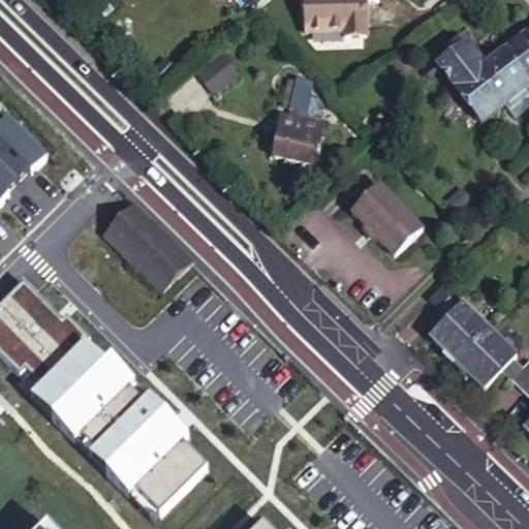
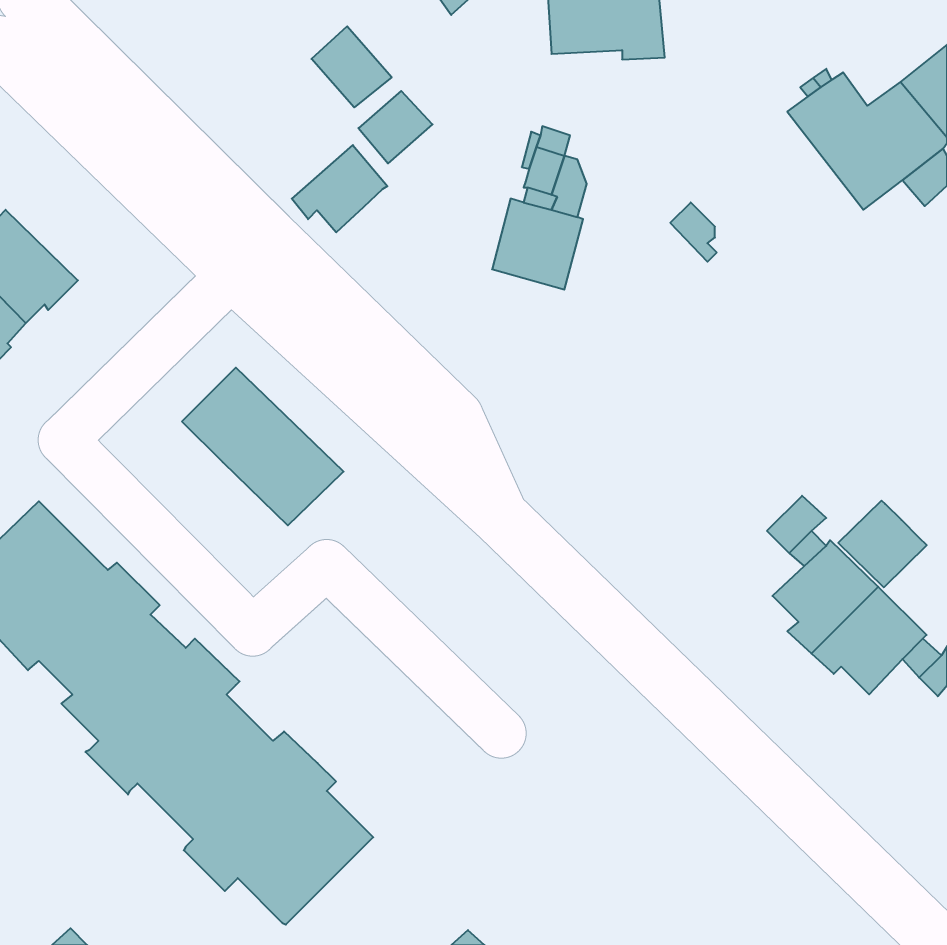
building: none -> [311,26,392,107]
building: none -> [292,145,387,232]
building: [348,175,418,248] -> none
building: none -> [838,501,927,587]

